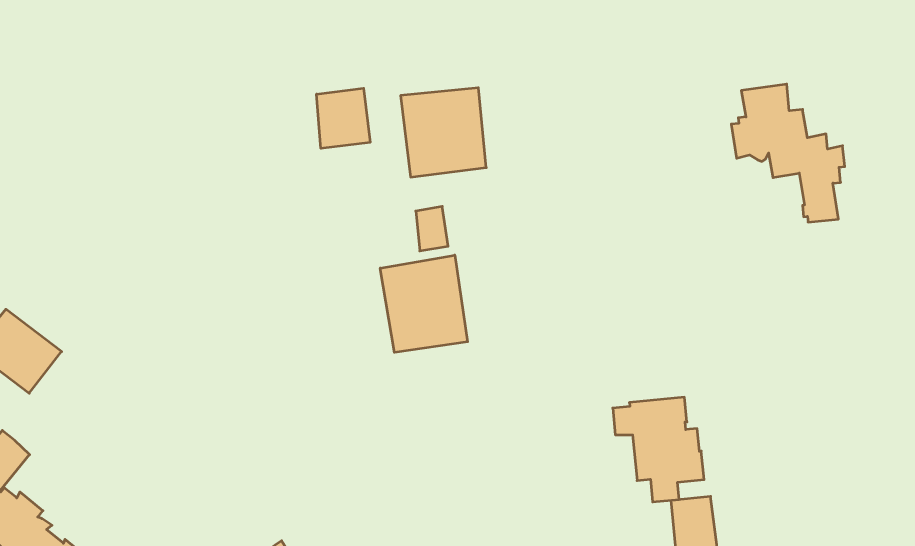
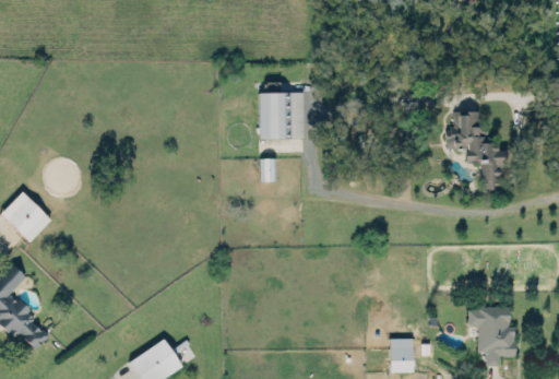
building: [317,88,370,148] -> none
building: [380,255,468,352] -> none
building: [613,397,704,502] -> [468,307,516,365]

